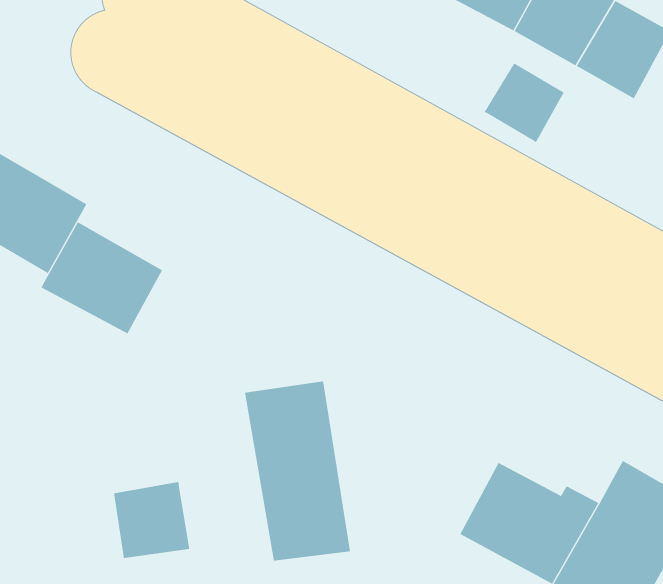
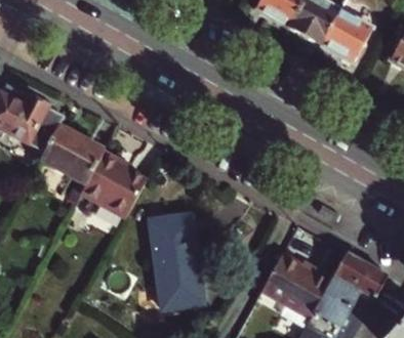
building: [484,62,565,143] -> none
building: none -> [87,152,149,211]
building: [114,481,190,559] -> none

